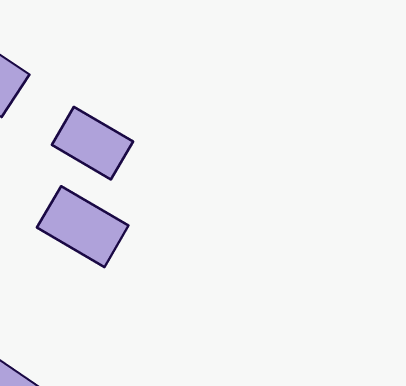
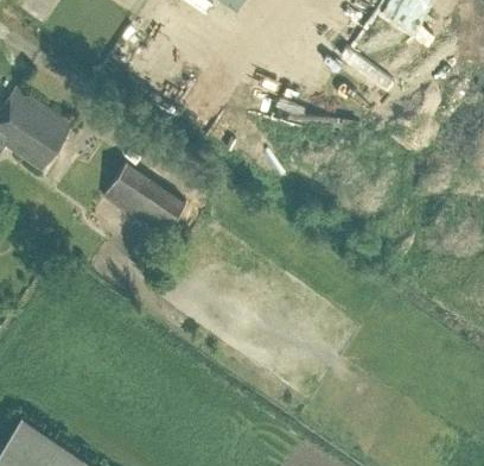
building: [37,186,128,267] -> none

